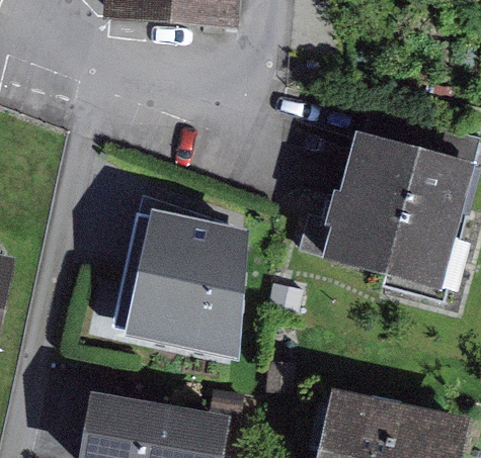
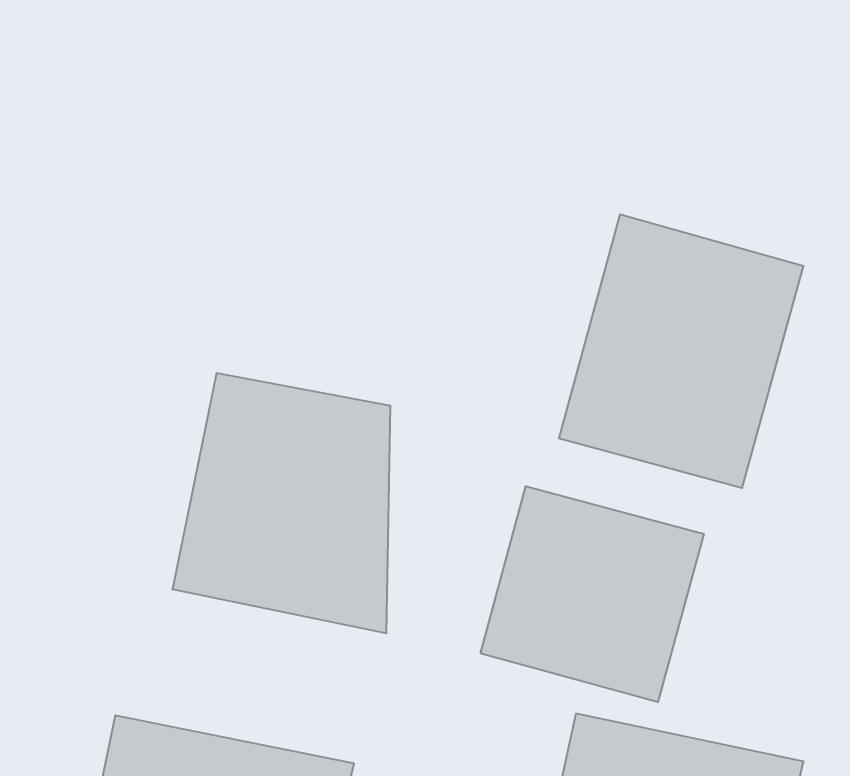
building: none -> [481,486,704,702]

